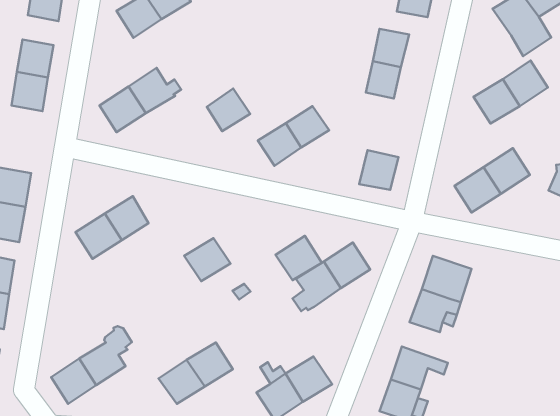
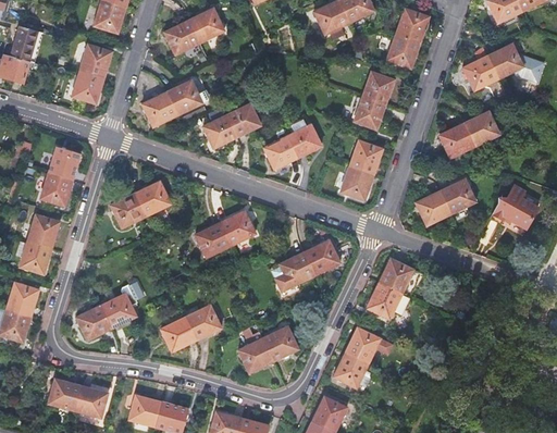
building: none -> [203,117,236,150]
building: none -> [349,143,382,176]
building: [275,236,322,280] -> [219,210,255,244]

